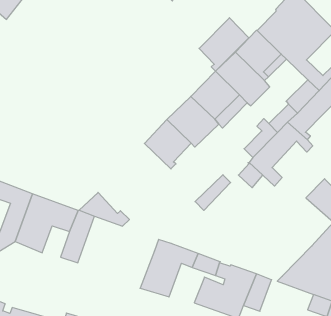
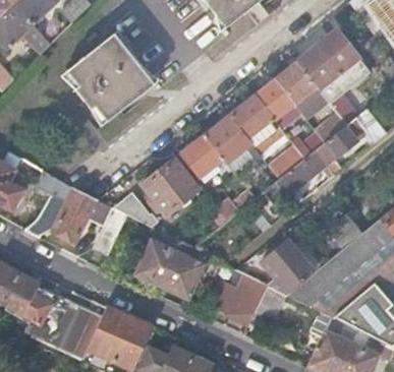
building: [199,18,249,71] -> none
building: none -> [66,34,153,120]
building: none -> [144,160,201,215]
building: none -> [267,235,324,291]
building: none -> [135,240,179,286]

